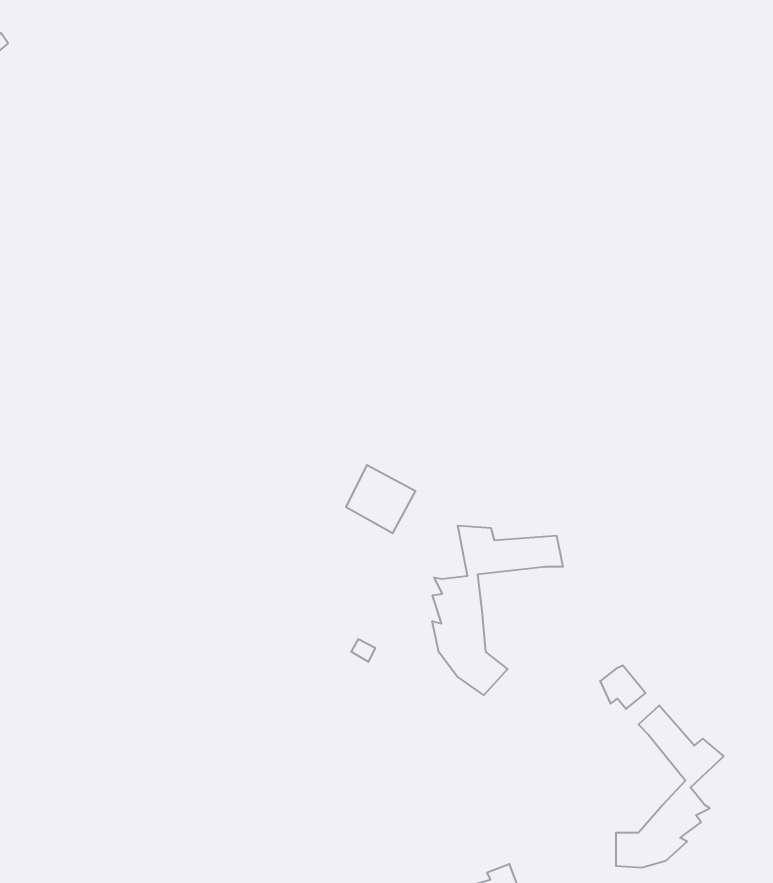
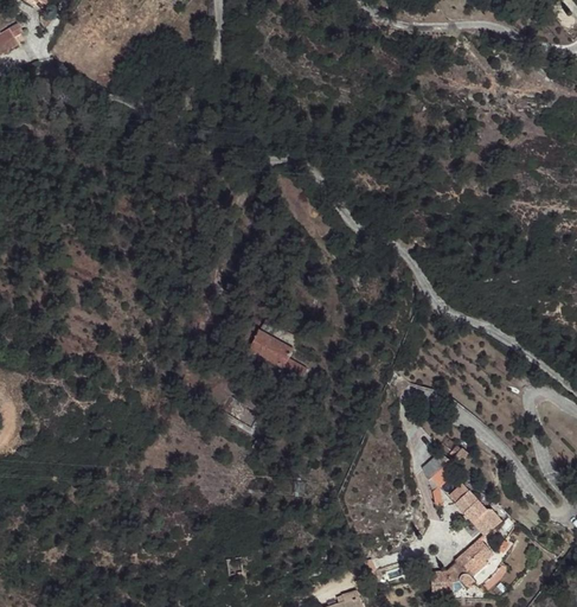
building: [432,526,563,695] -> none

